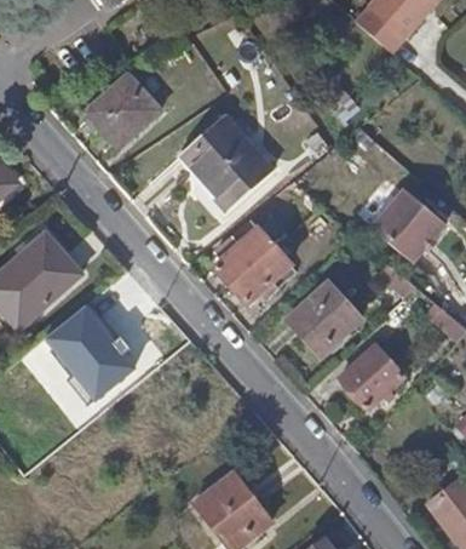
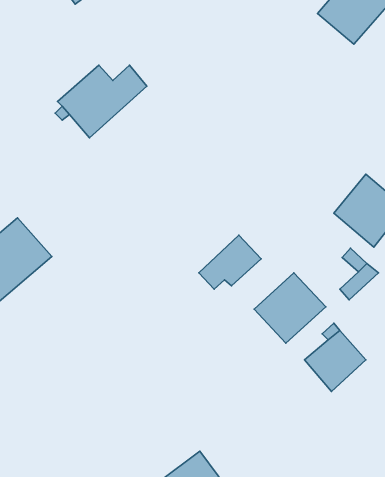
building: [179,115,270,206] -> none
building: [215,224,274,287] -> none
building: [47,307,132,396] -> none

